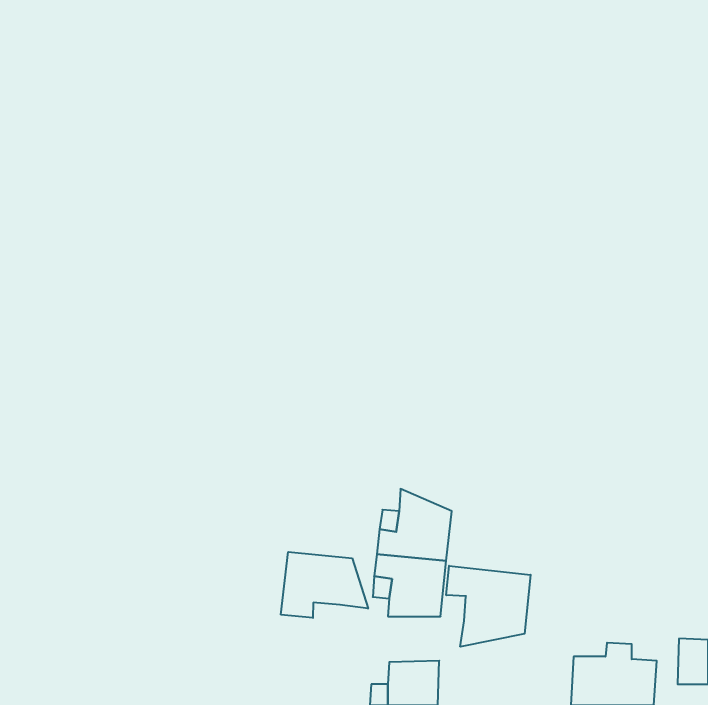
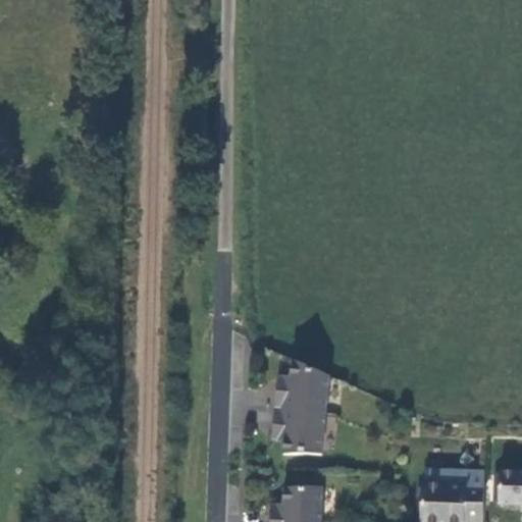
building: [281,552,368,618] -> none
building: [446,566,531,647] -> none

